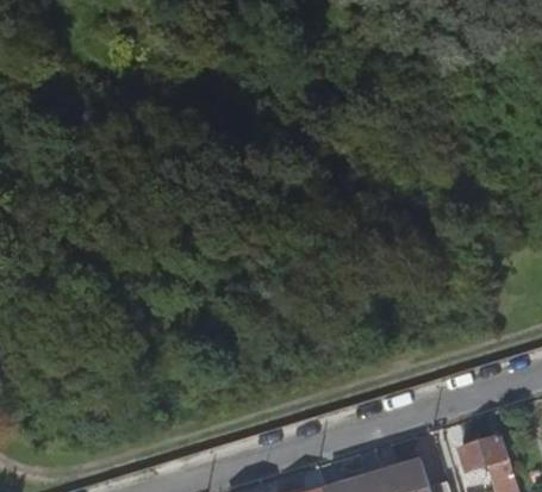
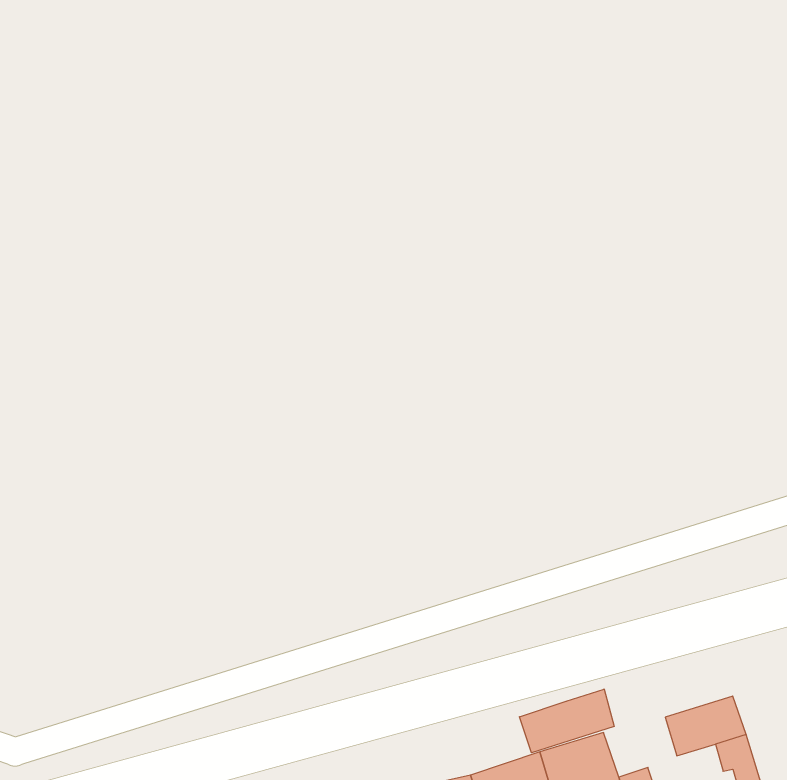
building: none -> [519,689,614,753]

